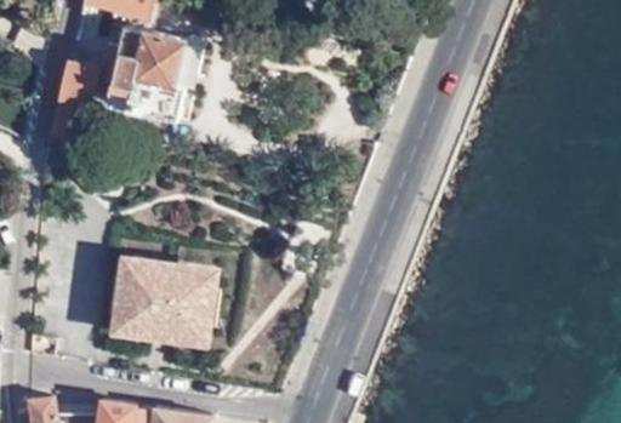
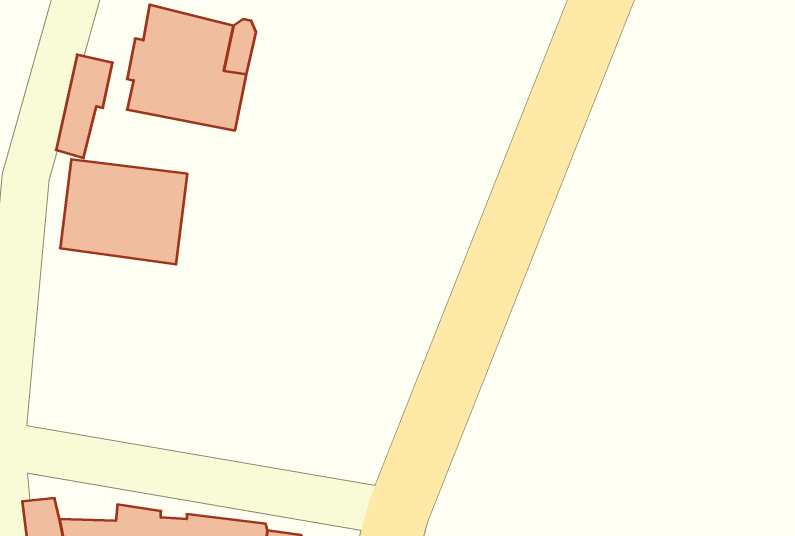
building: [114,258,210,337] -> [60,159,187,264]

